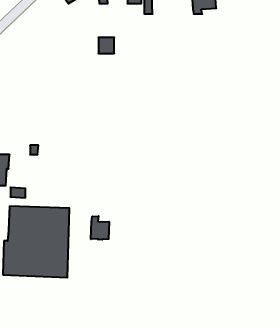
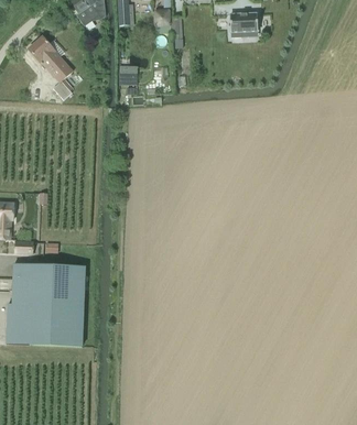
building: none -> [29,36,73,99]
building: [91,216,109,240] -> none

